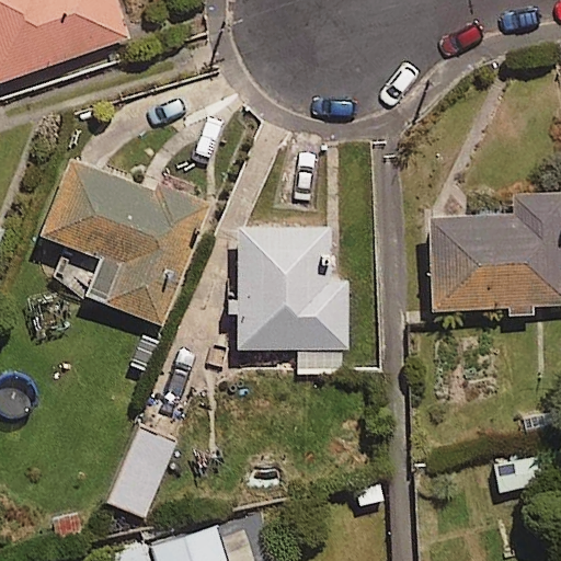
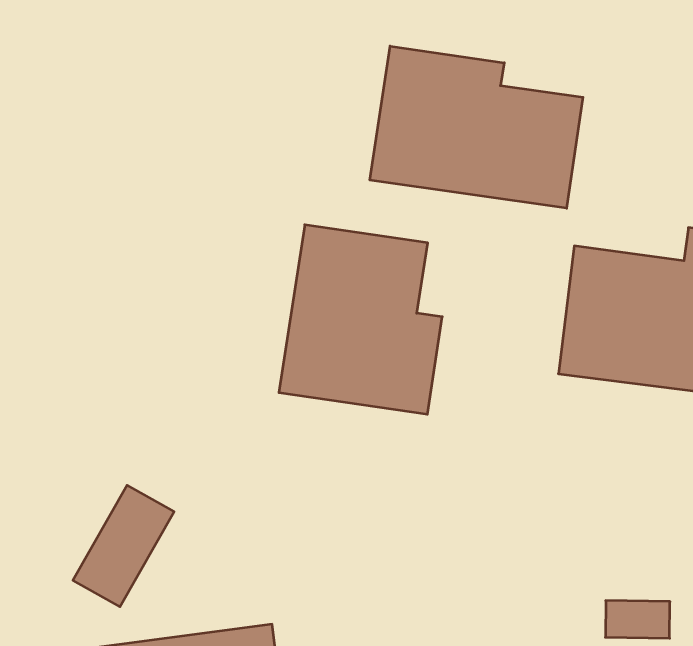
building: none -> [370,46,583,208]
building: [42,160,205,325] -> none

